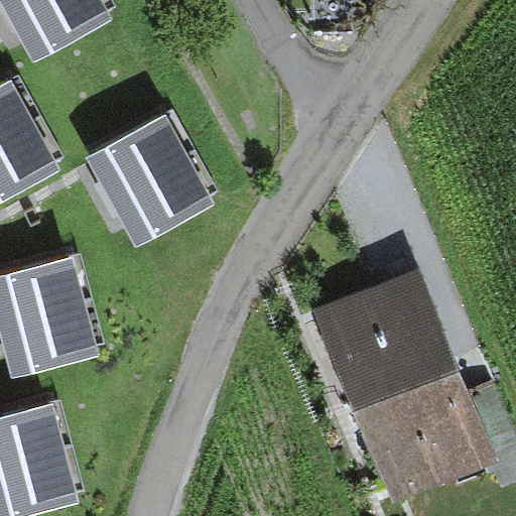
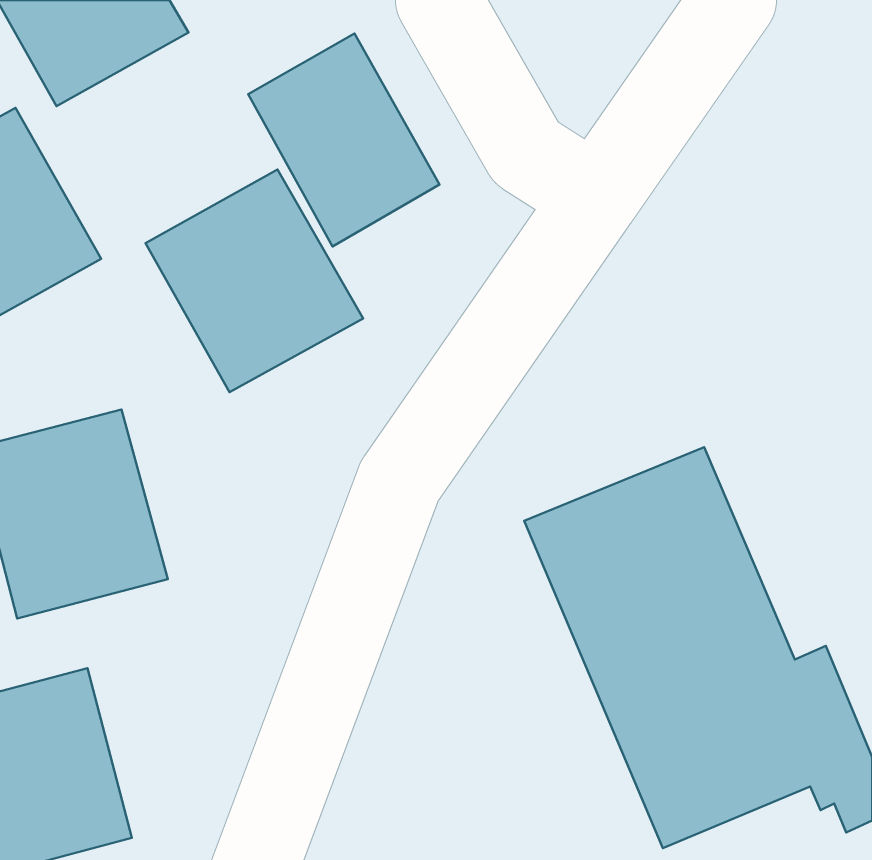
building: none -> [248,34,440,247]

